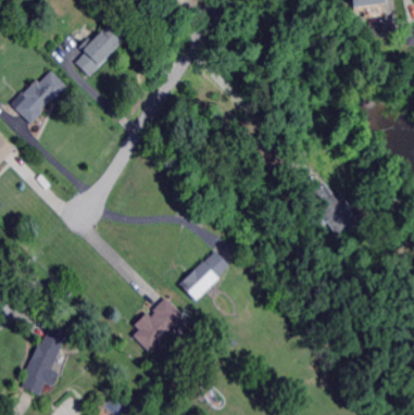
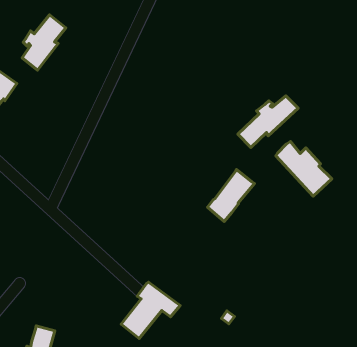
building: none -> [238,96,298,147]
building: [180,250,229,299] -> [207,169,254,222]

